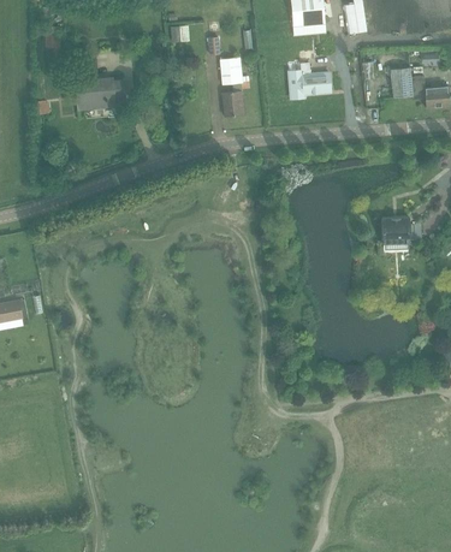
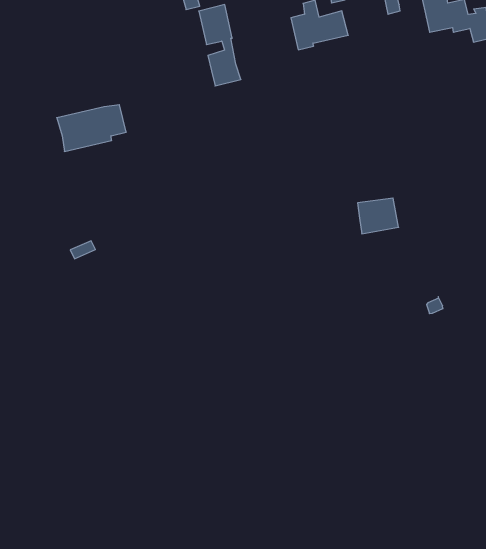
building: [75,79,126,109] -> [57,105,126,151]
building: [381,218,410,242] -> [358,198,399,234]

